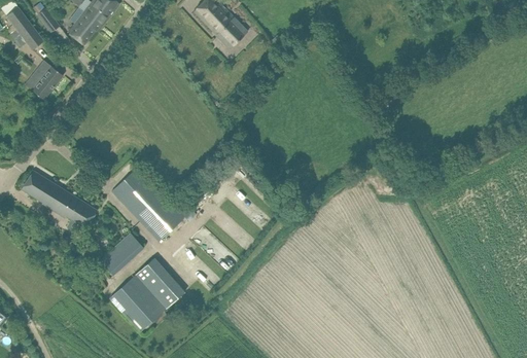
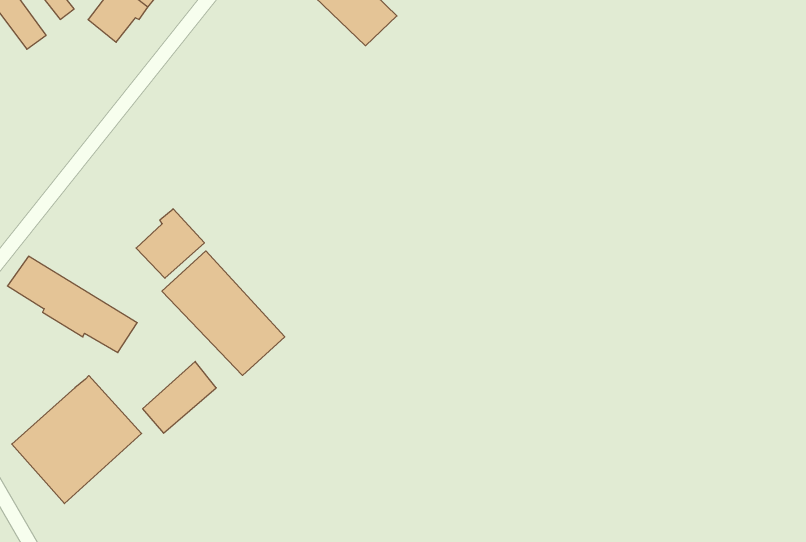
building: [32,66,63,100] -> none
building: none -> [136,209,204,278]
building: [109,257,185,332] -> [12,376,142,504]

